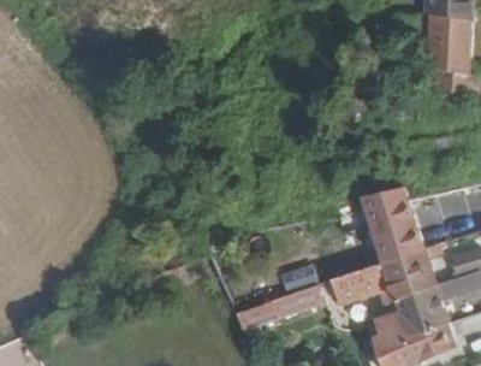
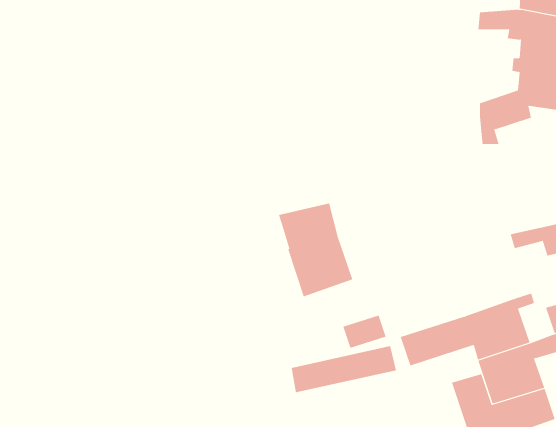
building: [361,187,422,264] -> [278,203,353,297]

